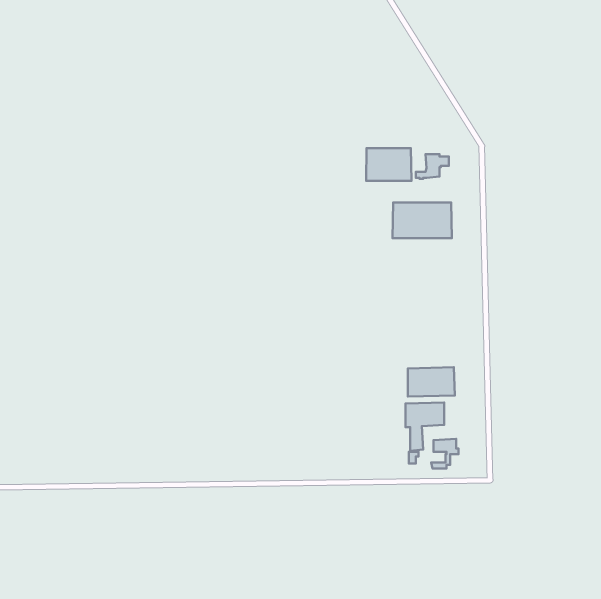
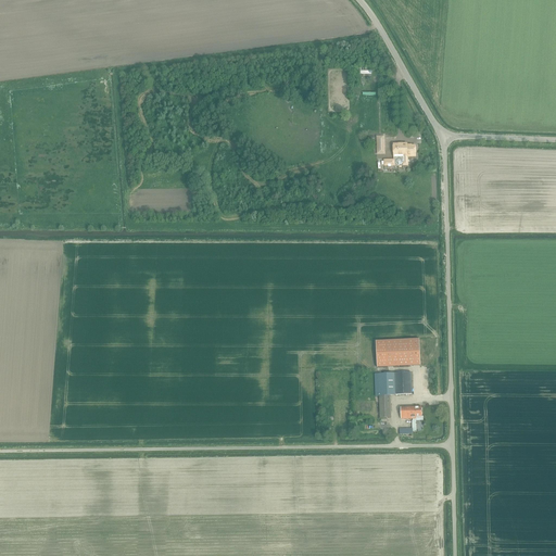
building: [366,148,412,181] -> none
building: [393,203,452,238] -> none

